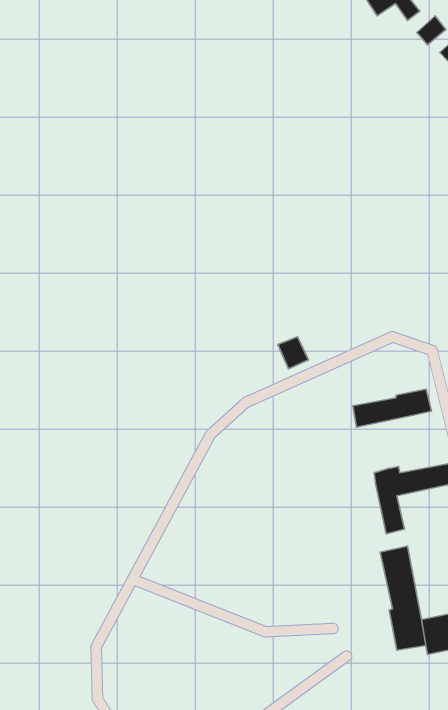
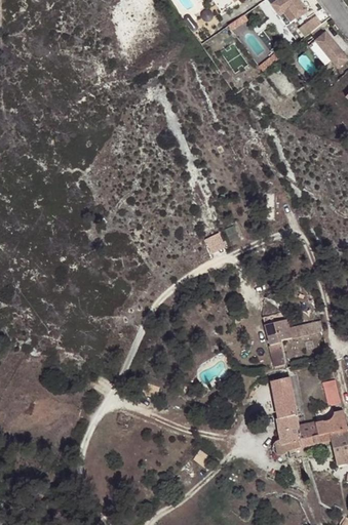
building: [353,389,431,427] -> none

